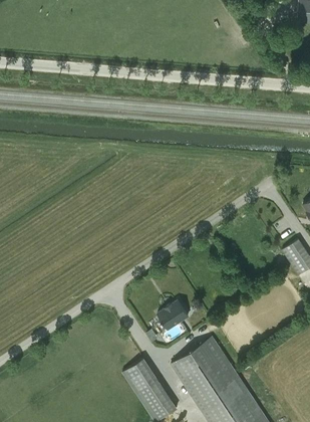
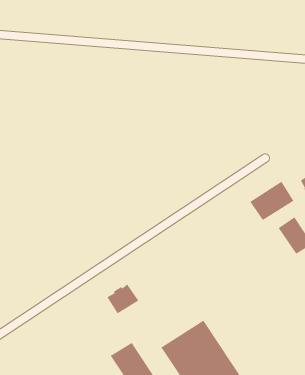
building: none -> [250,181,294,221]
building: [158,300,189,330] -> [106,283,139,314]

